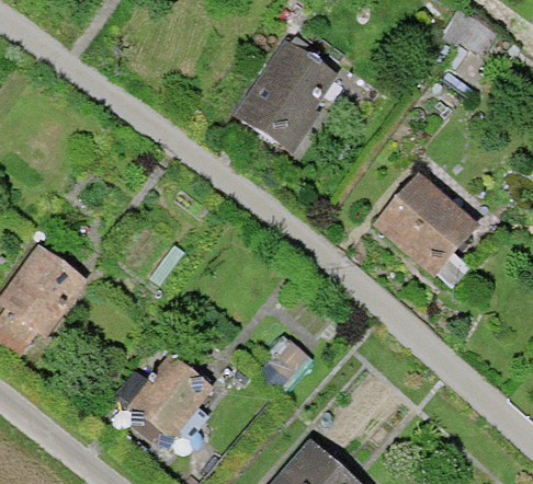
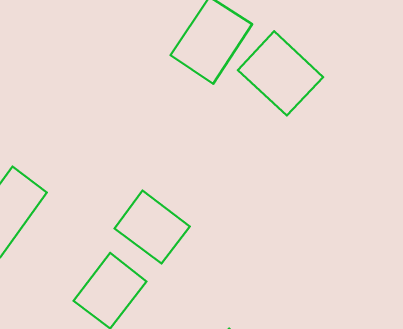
building: [377,174,483,278] -> [238,31,323,116]
building: none -> [115,190,190,264]

